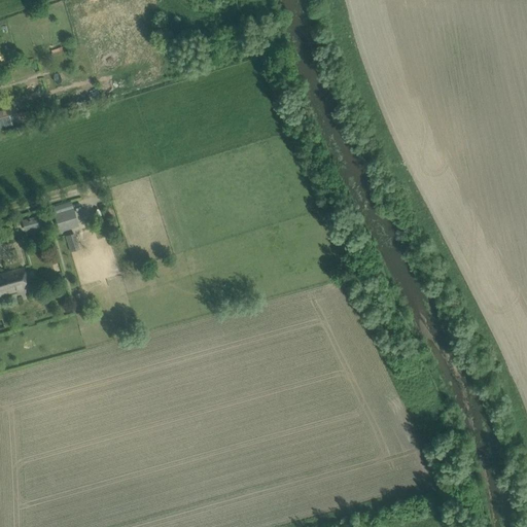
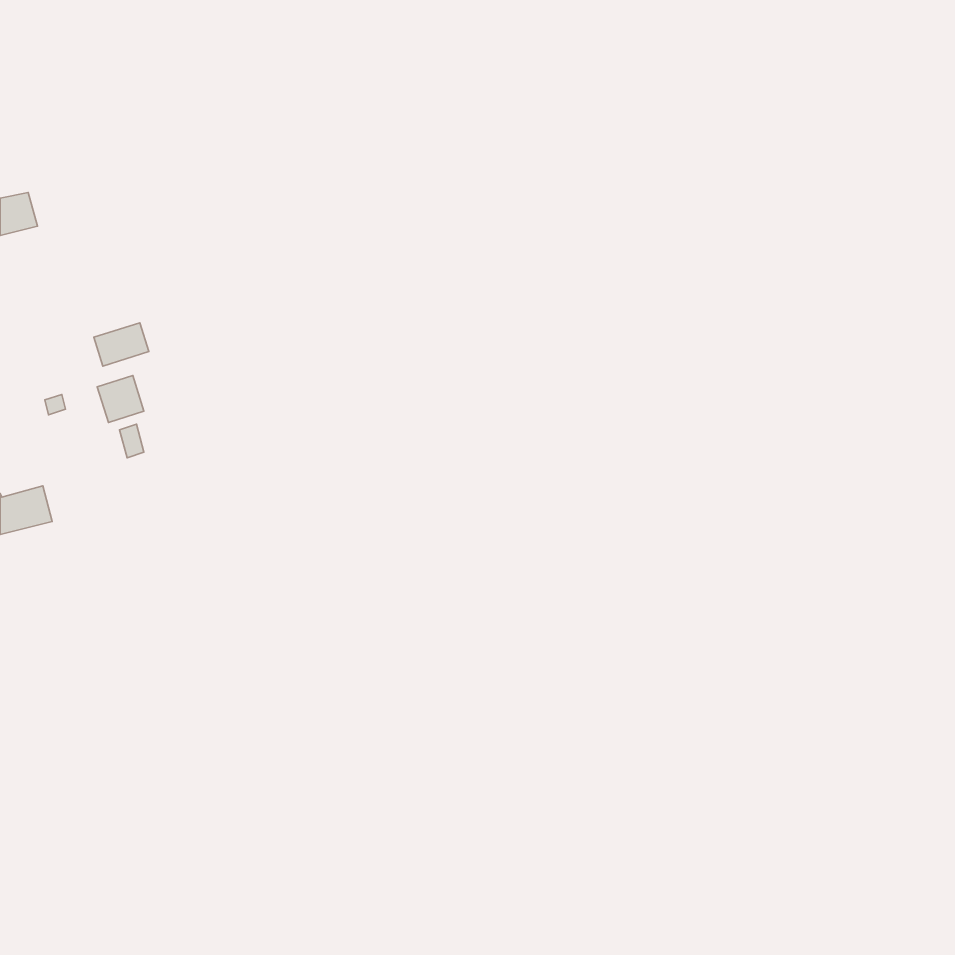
building: none -> [94,323,149,366]

